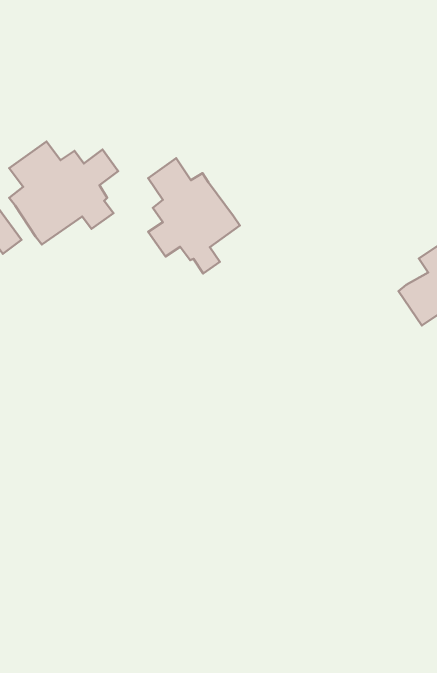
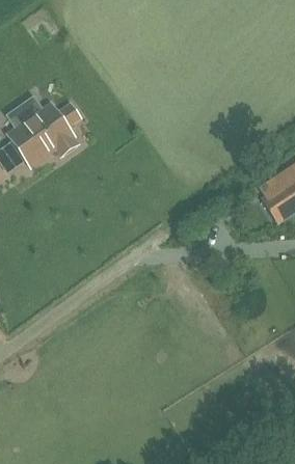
building: [148,158,240,273] -> none

